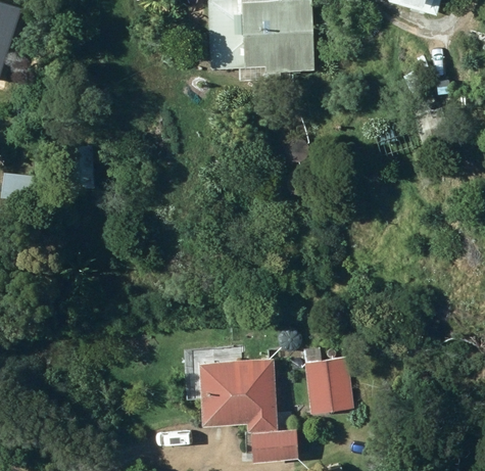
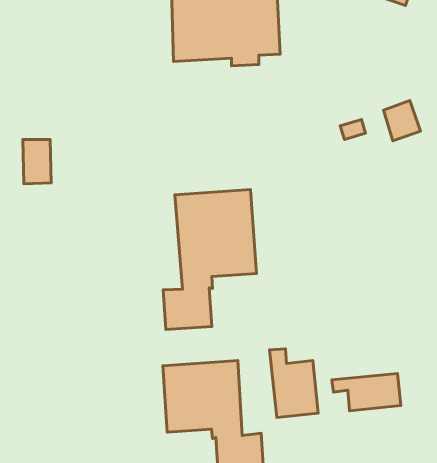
building: none -> [163,190,257,330]
building: none -> [332,374,401,411]

